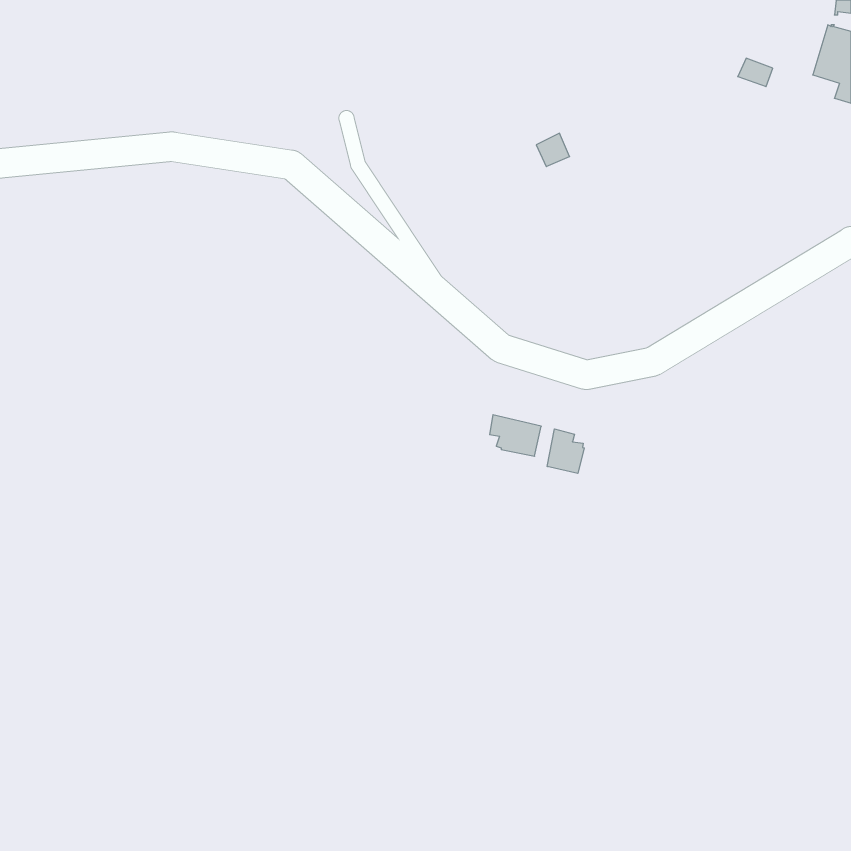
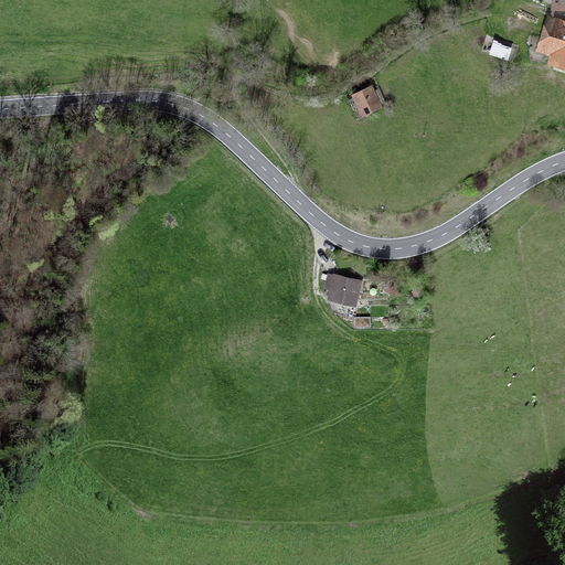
building: [547,429,584,473] -> none

